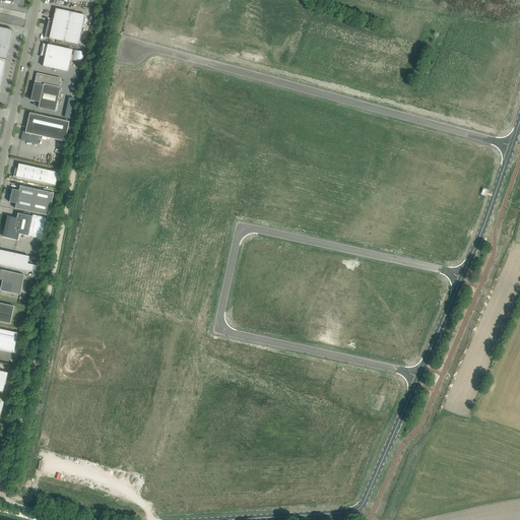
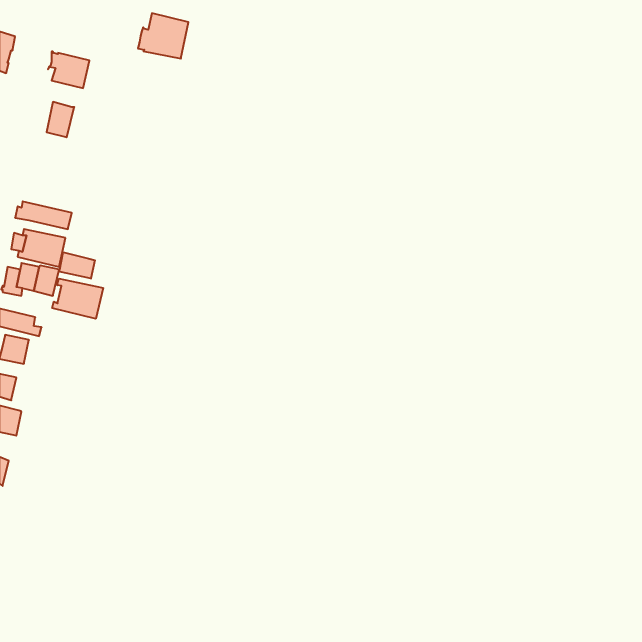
building: [44,7,84,44] -> [138,13,188,59]
building: [29,72,60,102] -> none
building: [20,112,69,142] -> none
building: none -> [59,252,95,279]
building: none -> [52,279,103,319]

